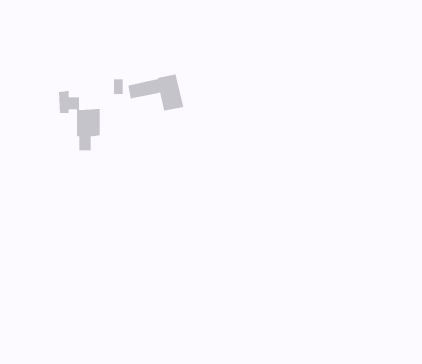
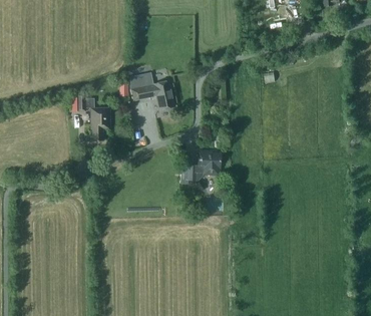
building: none -> [189,150,221,179]

